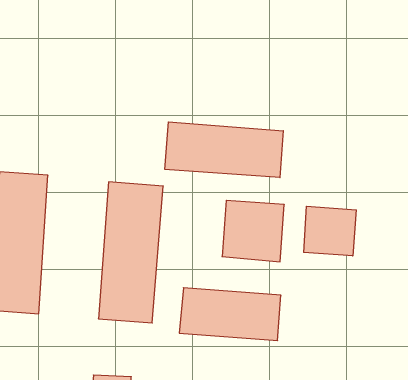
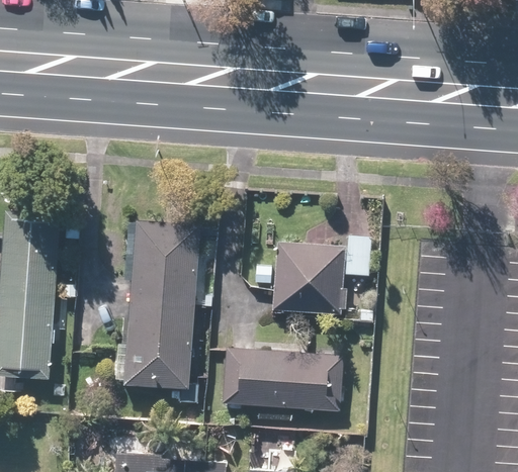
building: [165,122,283,178] -> none
building: [304,206,356,256] -> none

